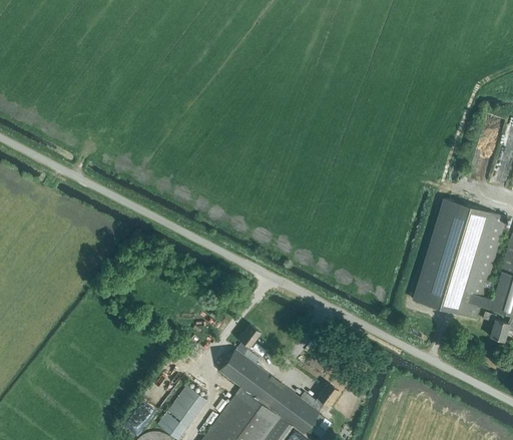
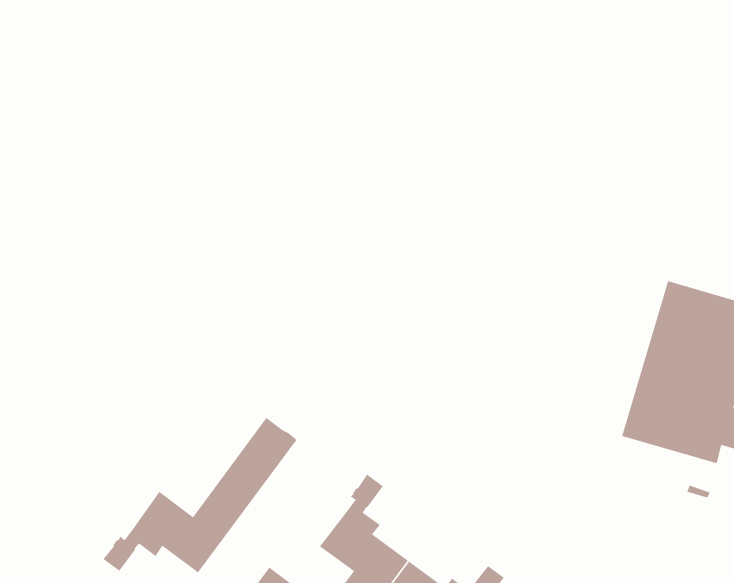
building: none -> [103,417,297,573]

